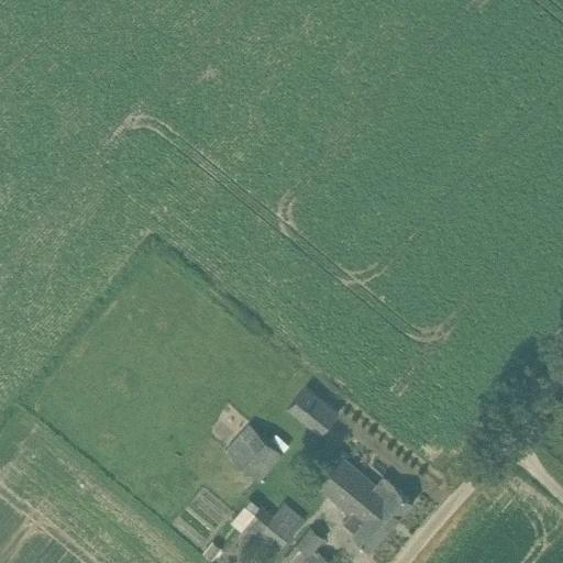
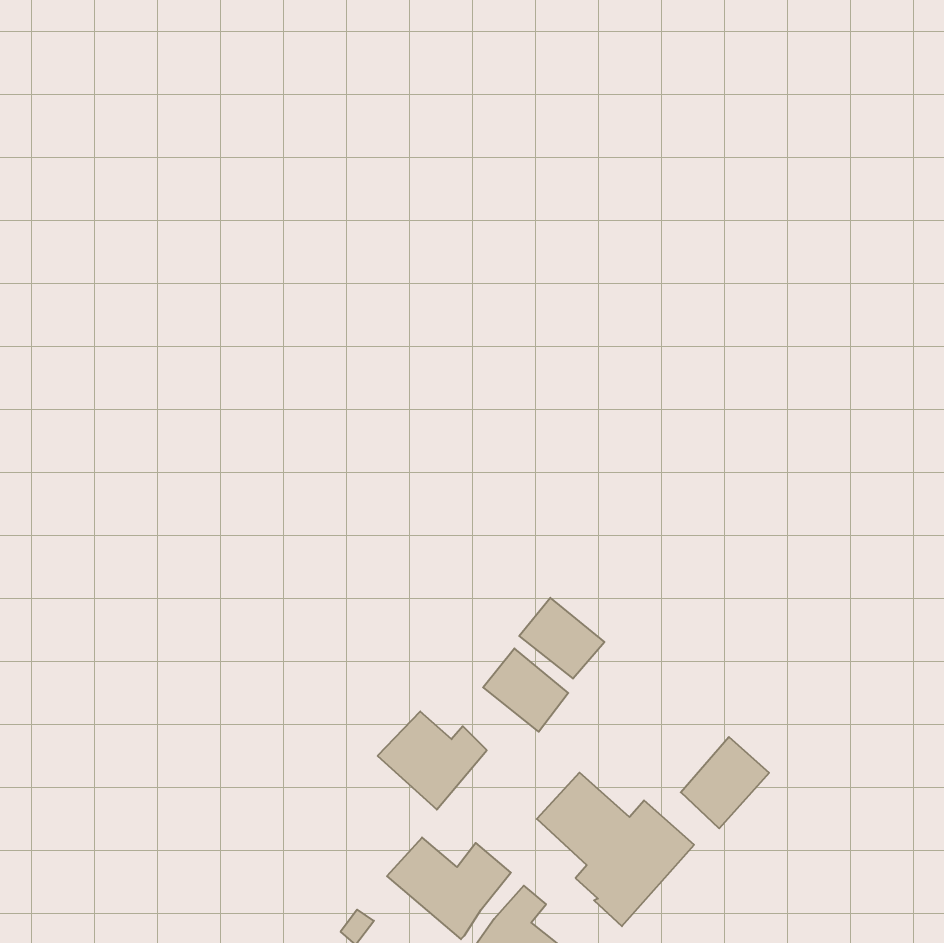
building: none -> [519,598,604,679]
building: none -> [681,737,769,828]

